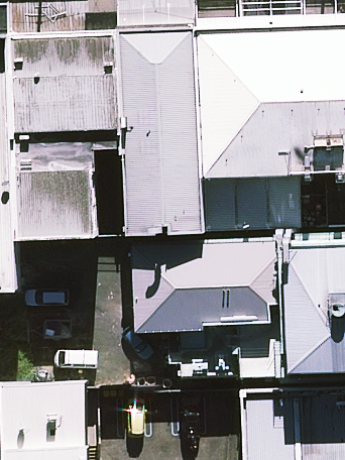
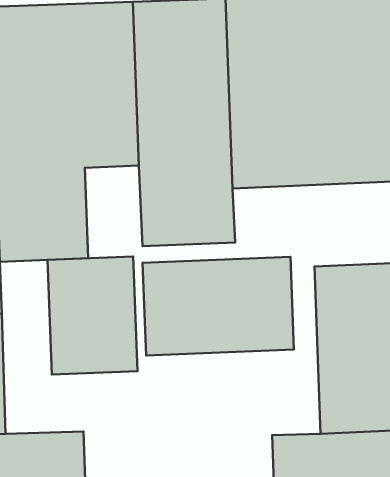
building: none -> [47,256,138,375]

